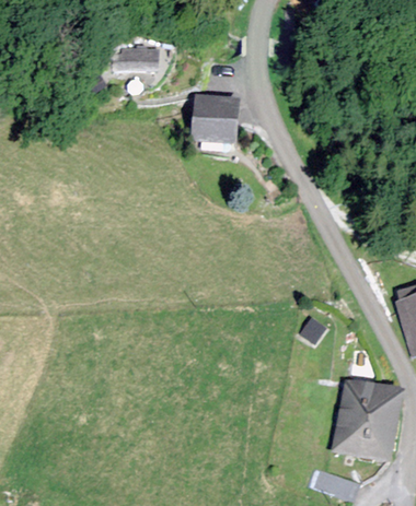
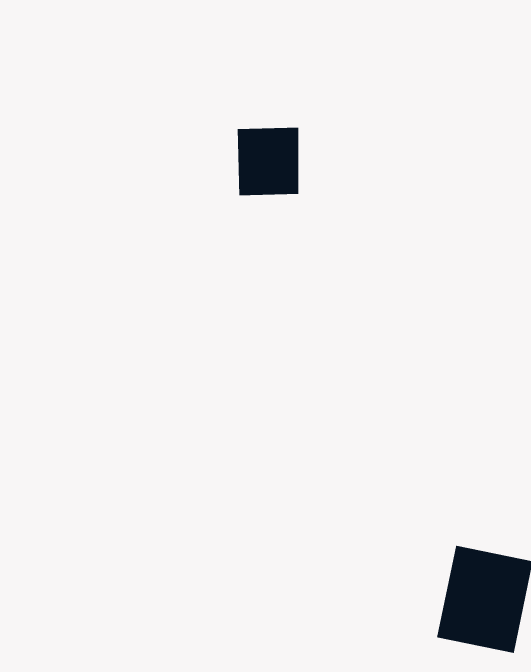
building: [109,42,157,70] -> none

